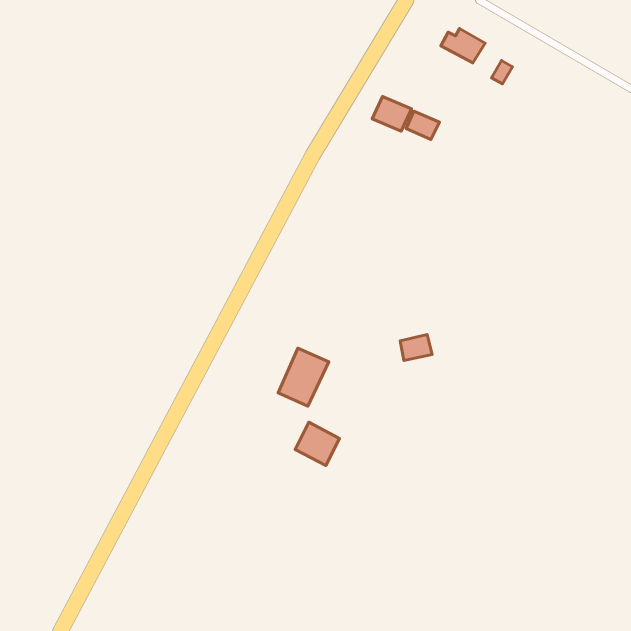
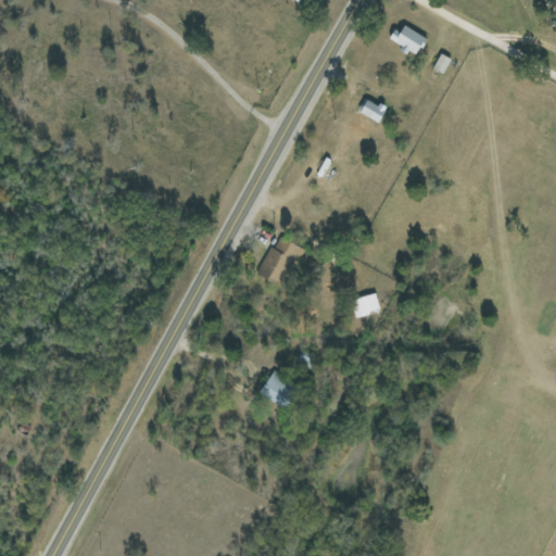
building: [372,97,411,131] -> none
building: [278,348,329,406] -> [258,236,303,287]

